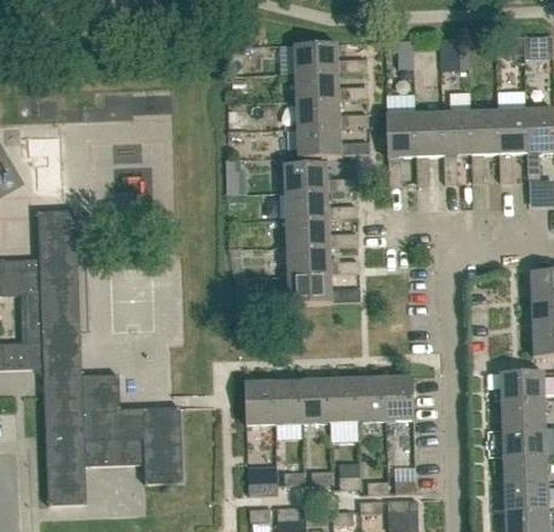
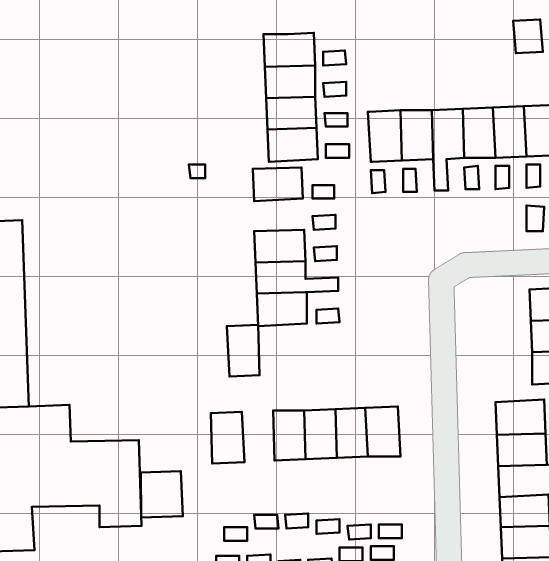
building: [284,190,329,219] -> none
building: [273,379,302,425] -> [227,325,259,376]
building: none -> [141,471,183,517]

